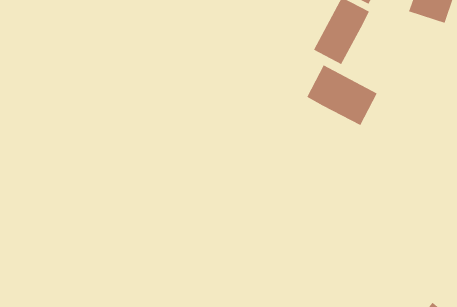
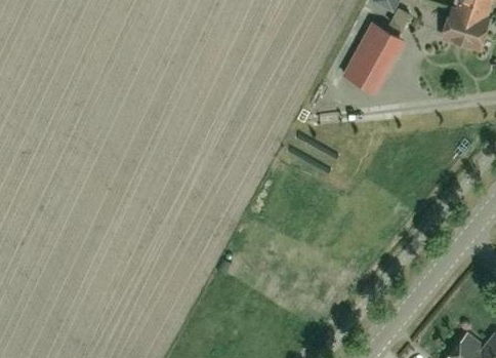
building: [306,65,377,126] -> none

